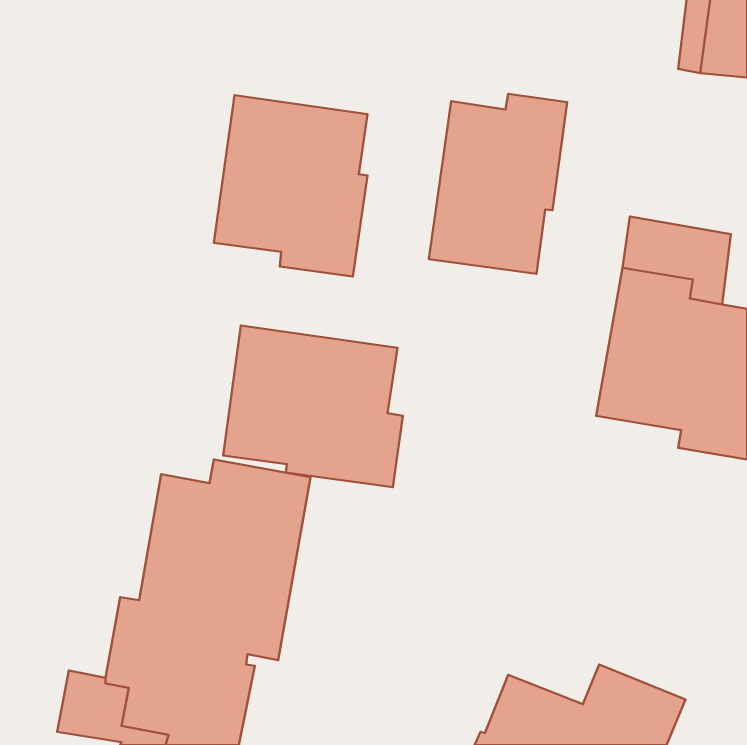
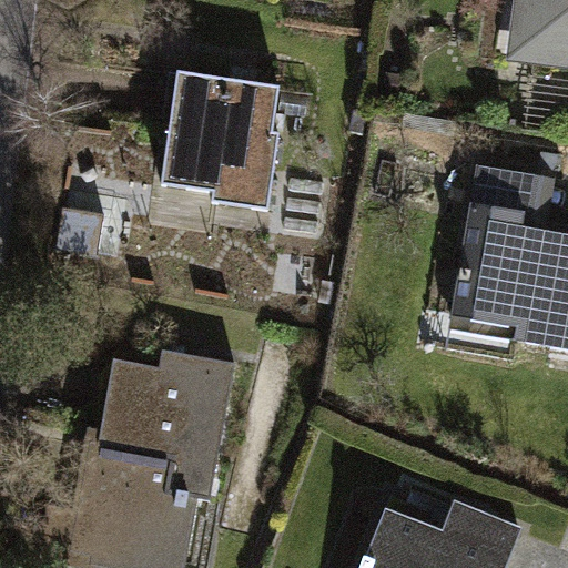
building: [429,94,567,274] -> none
building: [223,326,403,487] -> none

